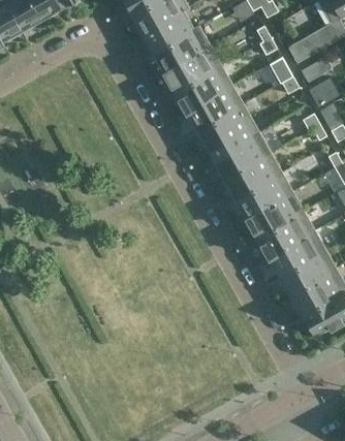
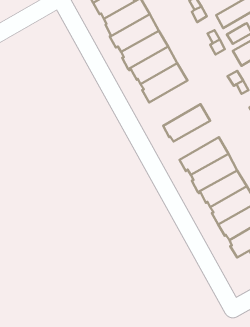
building: [213,132,270,179] -> none
building: [238,172,291,219] -> none

